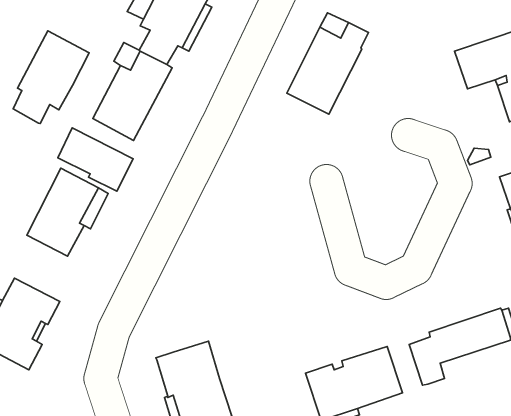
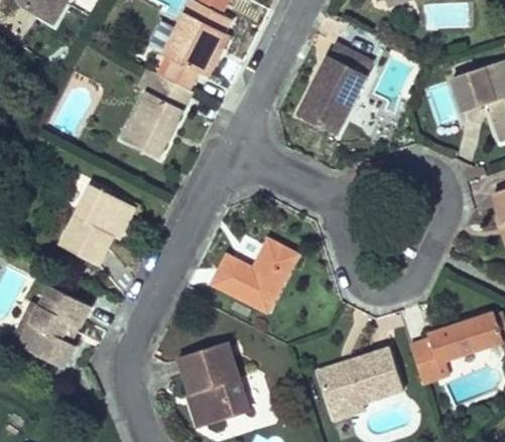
building: [13,31,89,123] -> none
building: [58,128,133,191] -> none
building: none -> [211,238,297,312]

